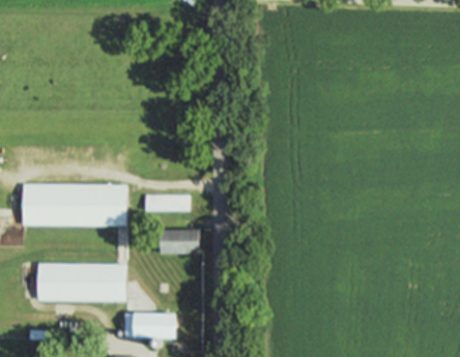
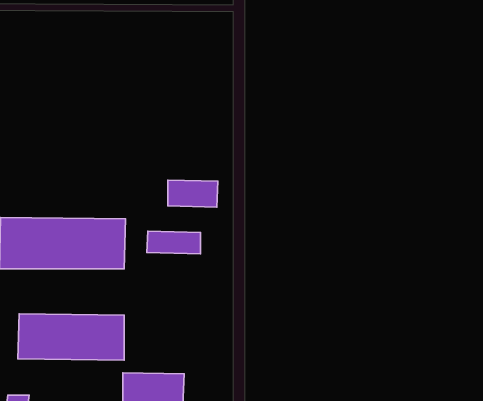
building: none -> [168,180,218,207]
building: [161,229,198,252] -> none

